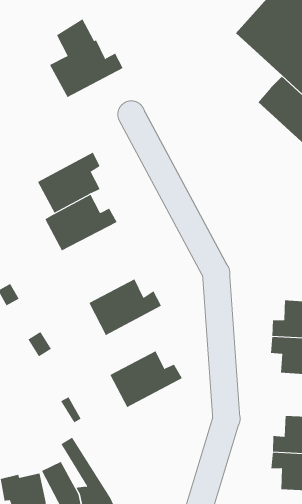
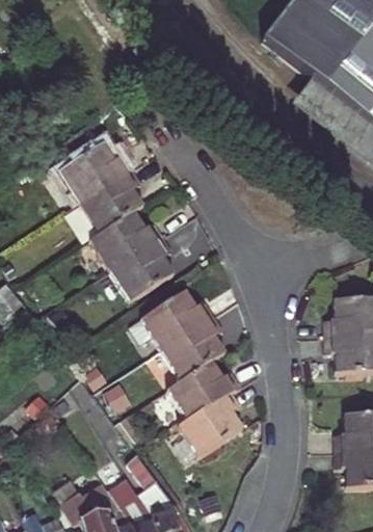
building: [49,18,124,98] -> [59,123,133,203]
building: none -> [110,236,174,300]
building: none -> [161,315,224,379]
building: none -> [179,391,242,456]

